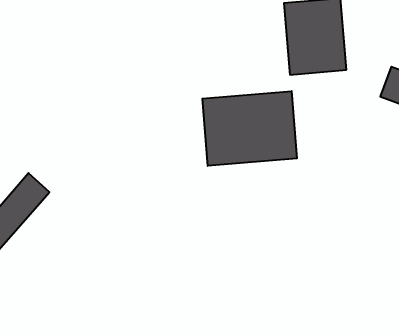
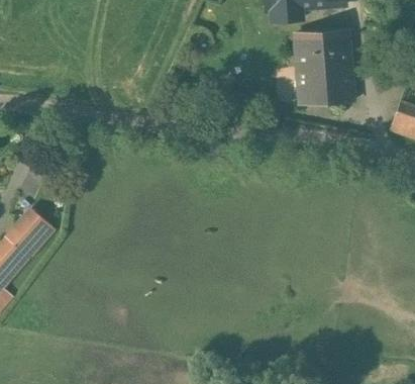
building: [202,91,297,166] -> none

